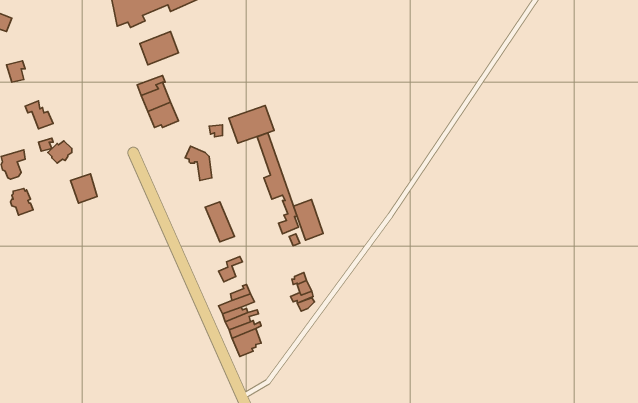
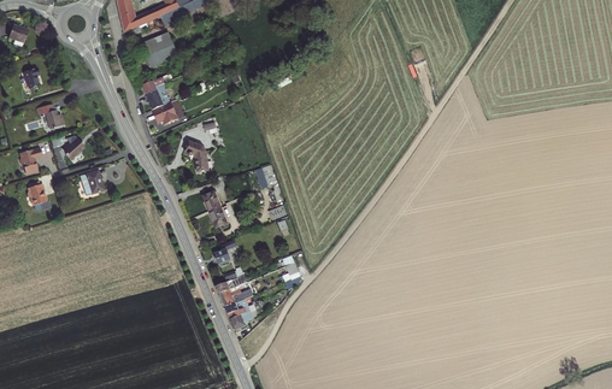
building: [229,106,274,143] -> none
building: [294,199,323,240] -> none

